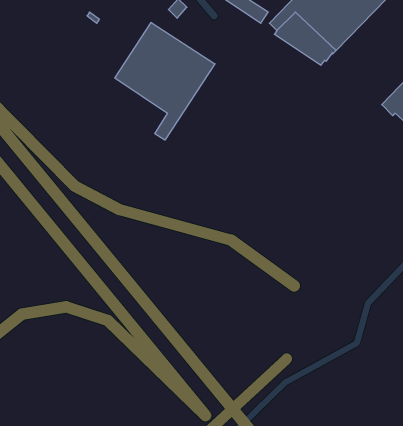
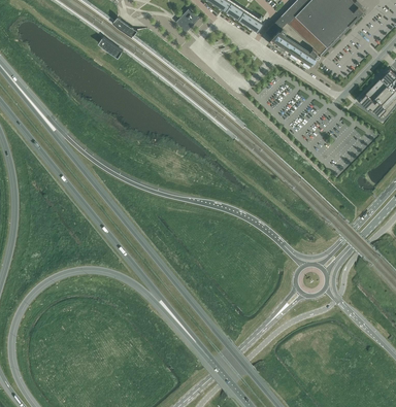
building: [115,22,215,140] -> none

